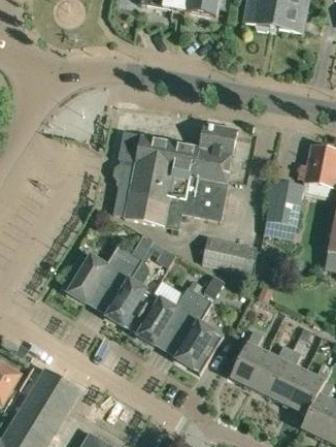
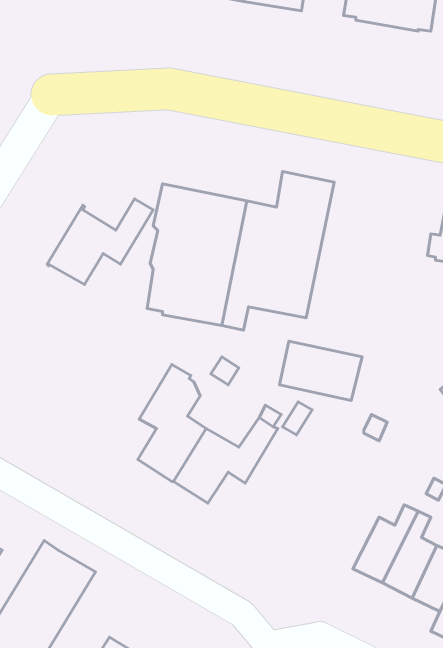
building: [263,179,304,240] -> none
building: [60,245,130,301] -> [47,199,153,285]
building: [176,294,223,374] -> none
building: [230,331,267,387] -> none

